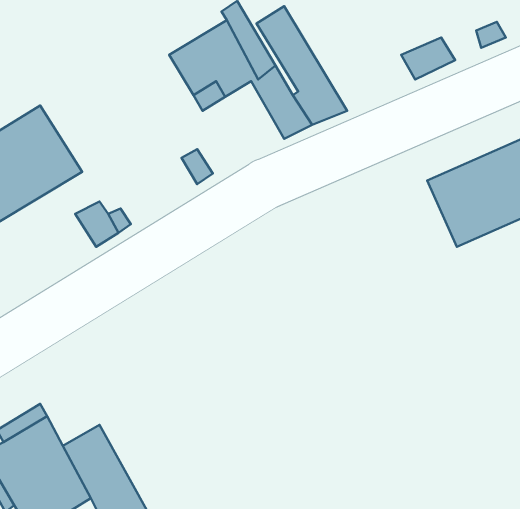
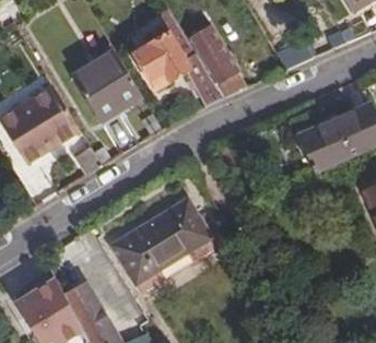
building: none -> [71,52,141,121]
building: none -> [109,200,211,285]

